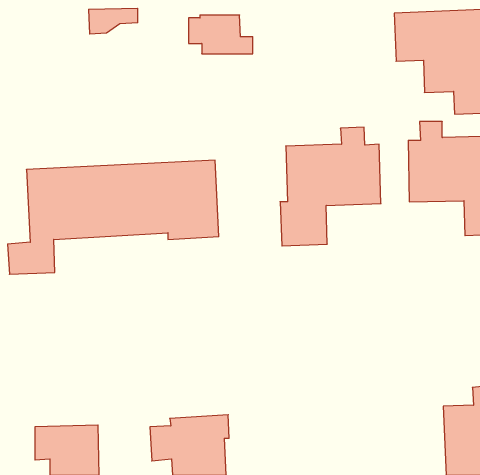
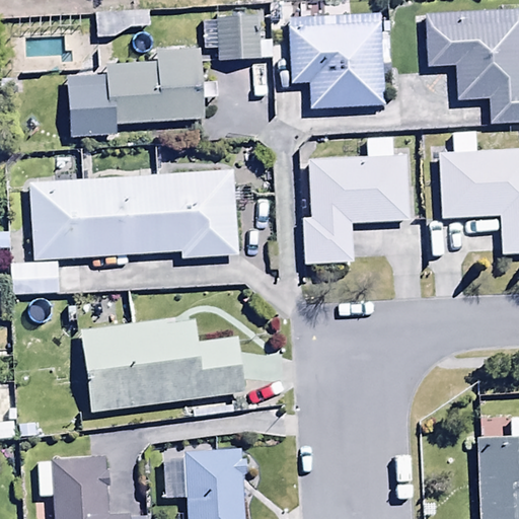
building: none -> [289,13,385,107]
building: none -> [69,50,205,138]
building: none -> [80,316,246,412]

